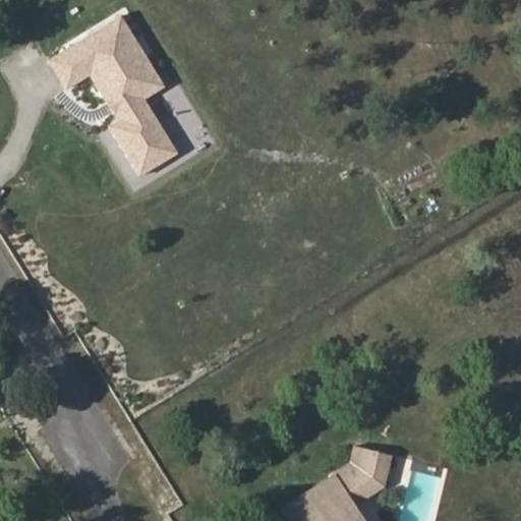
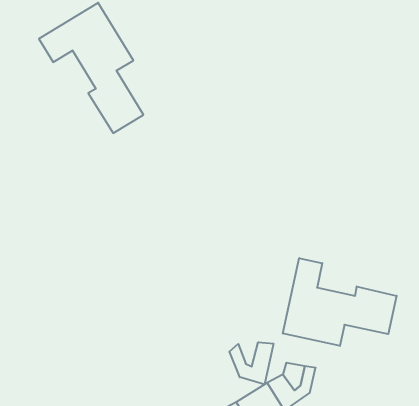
building: none -> [283,258,397,346]
building: none -> [229,342,273,384]

